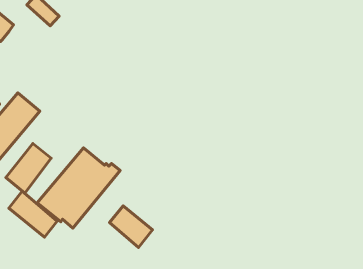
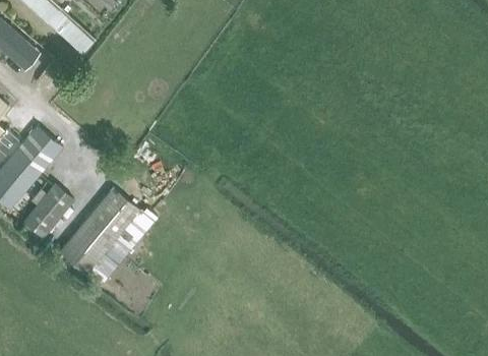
building: [9,191,57,237] -> none
building: [110,206,153,247] -> none

